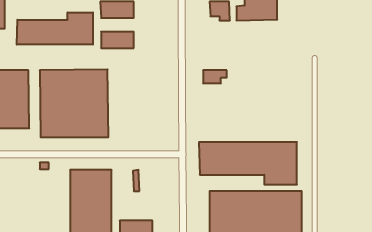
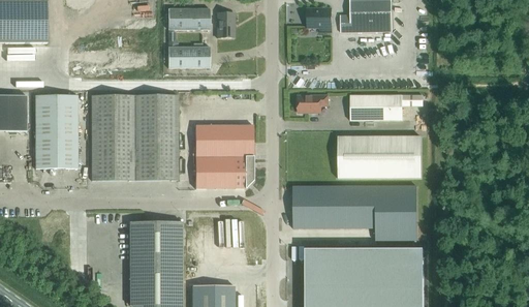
building: none -> [217,12,235,37]
building: [17,12,93,45] -> none
building: none -> [350,95,423,120]
building: none -> [195,124,253,188]
building: none -> [338,135,422,178]

